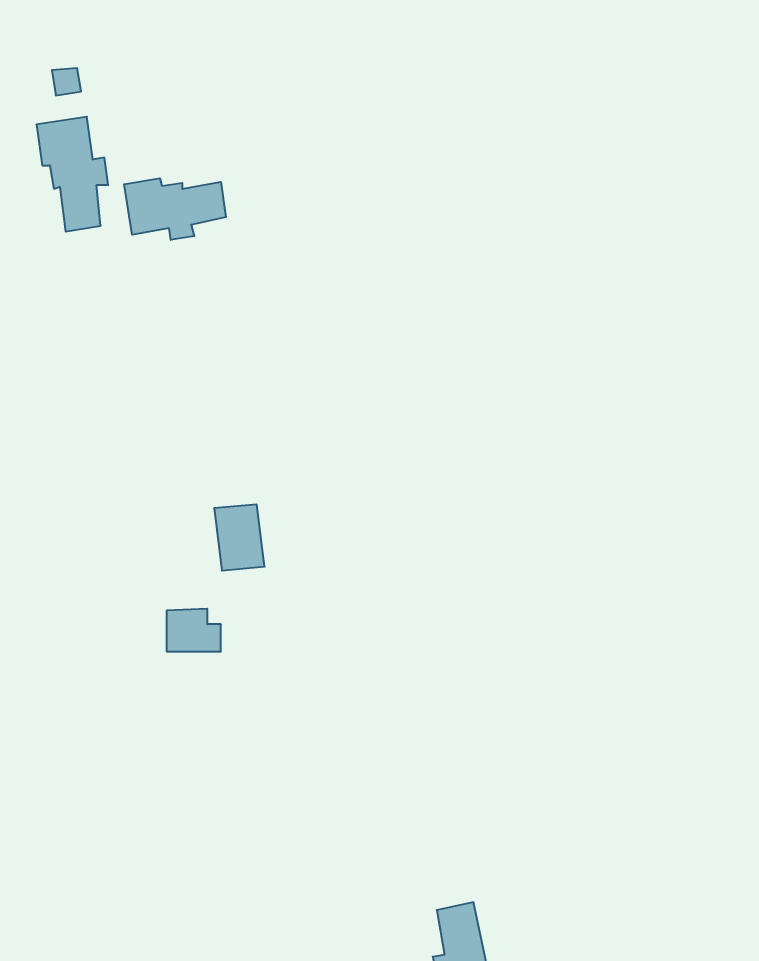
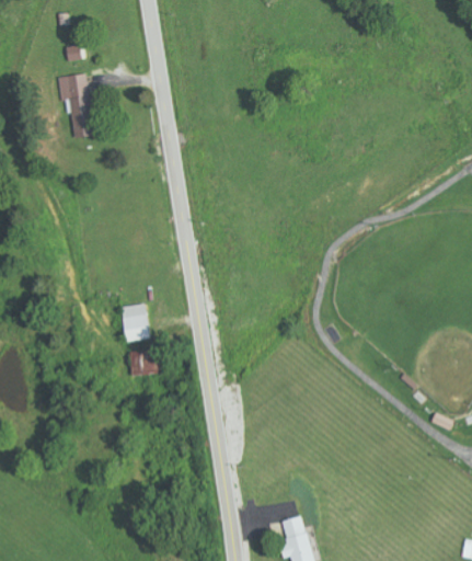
building: [124,178,226,240] -> none
building: [214,504,265,571] -> [120,305,149,342]

